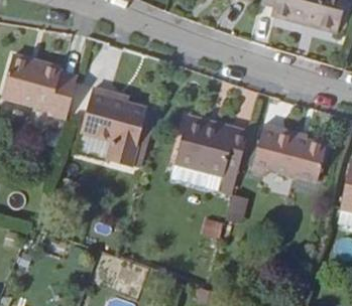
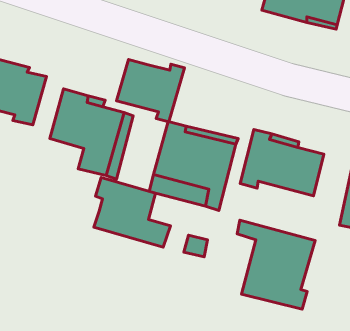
building: none -> [117,59,184,122]
building: none -> [94,177,171,247]
building: none -> [237,220,315,309]

